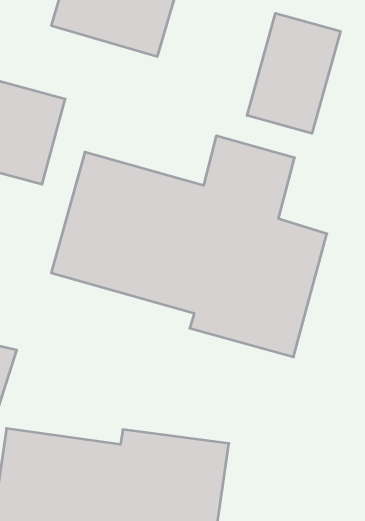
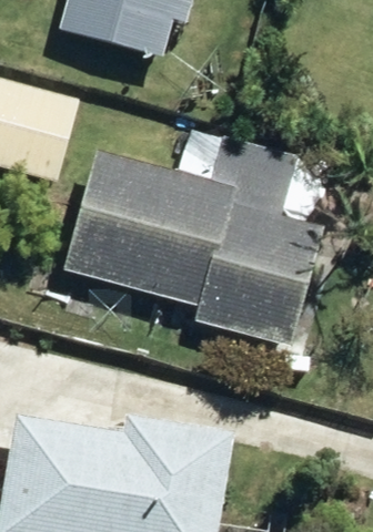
building: [247,13,340,133] -> none

